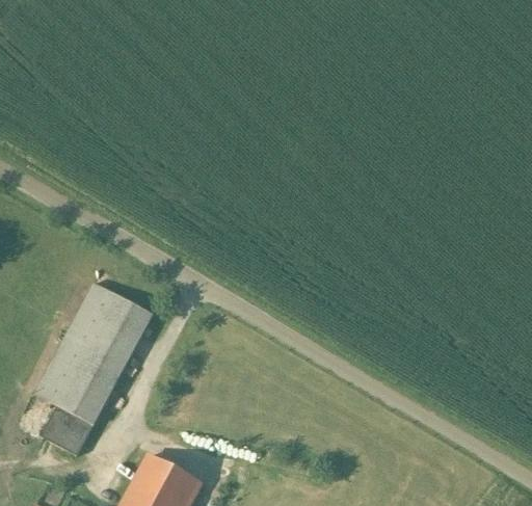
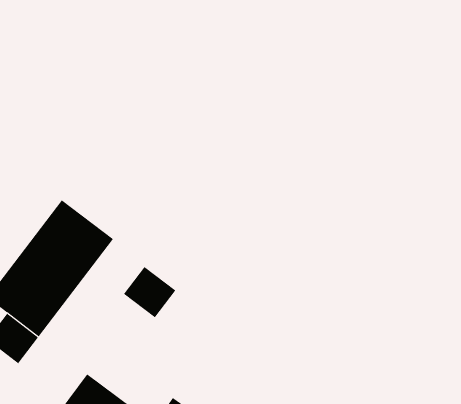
building: none -> [123,266,176,318]

